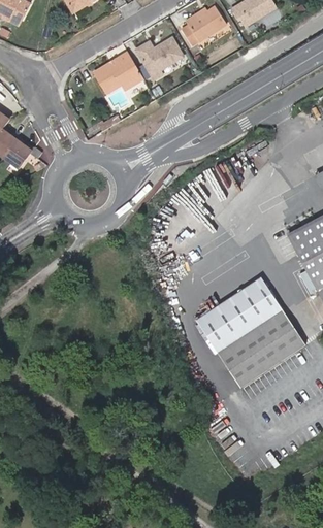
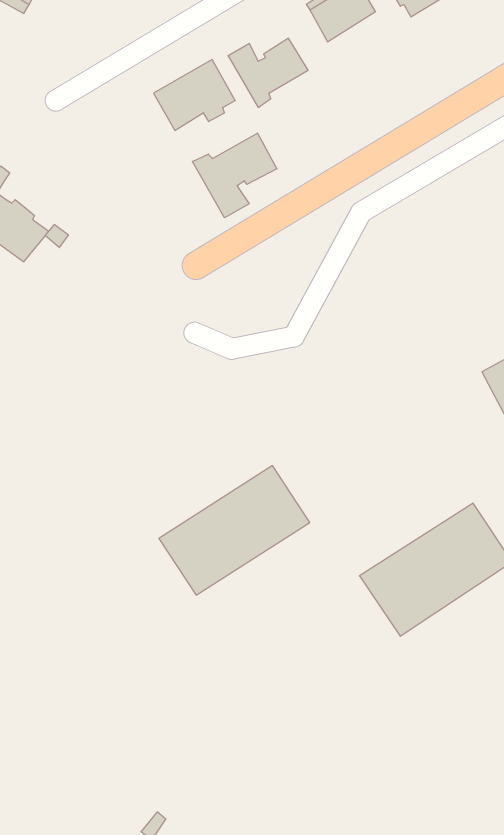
building: none -> [192,133,277,218]
building: [193,276,281,352] -> [159,466,310,595]

